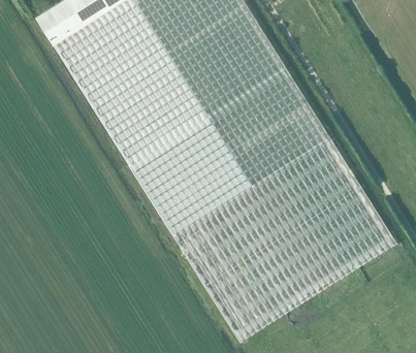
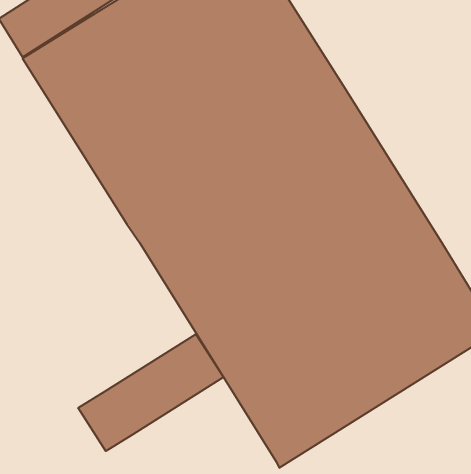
building: none -> [78,334,223,451]

